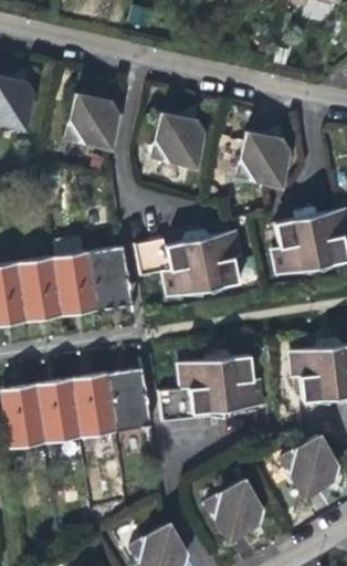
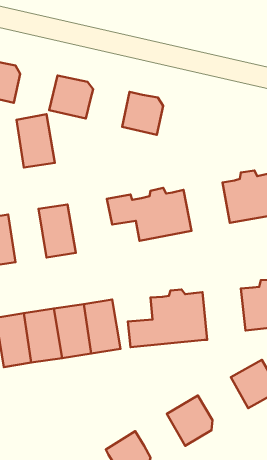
building: [239,134,290,186] -> none
building: [87,245,133,310] -> none
building: [15,256,62,321] -> [17,114,55,167]

